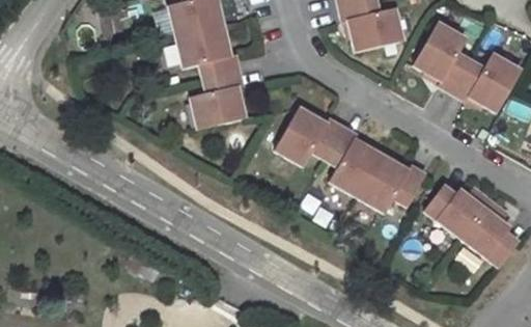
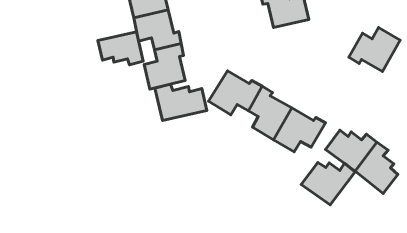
building: [414,20,472,89] -> none
building: none -> [98,32,143,65]
building: none -> [155,84,207,121]
building: none -> [301,163,355,205]

